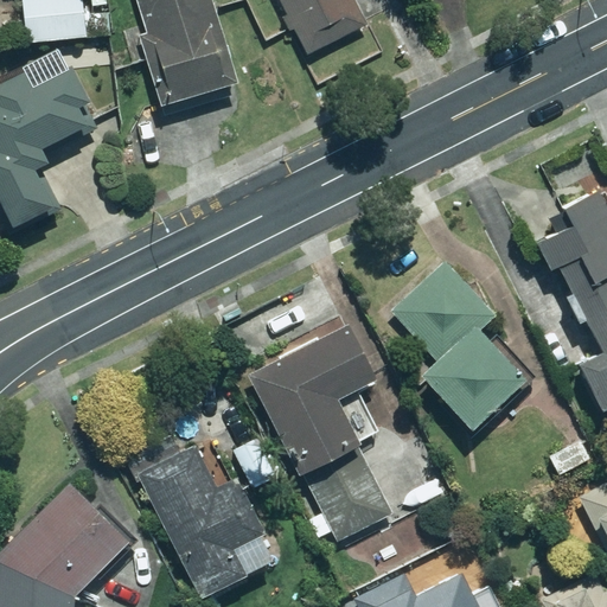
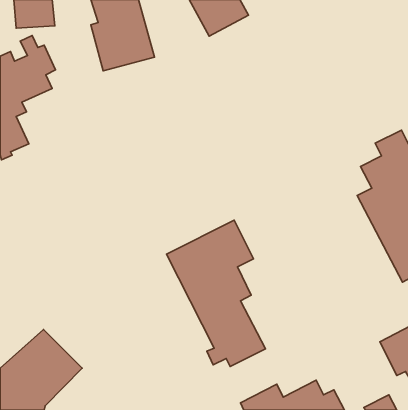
building: [395,262,538,433] -> none
building: [139,443,270,595] -> none

